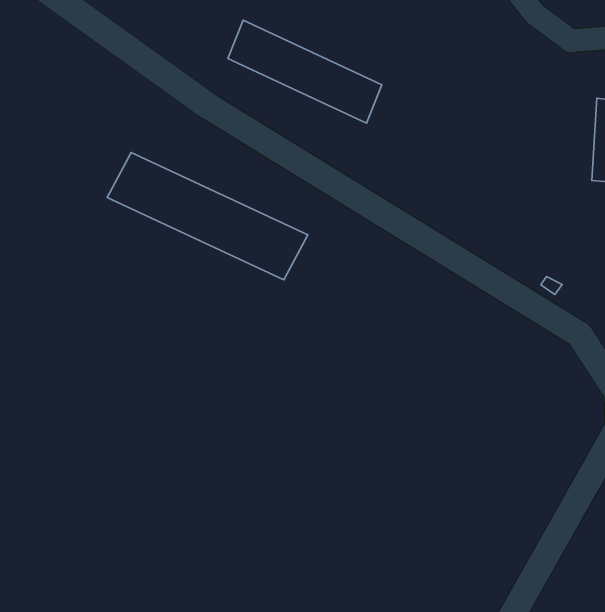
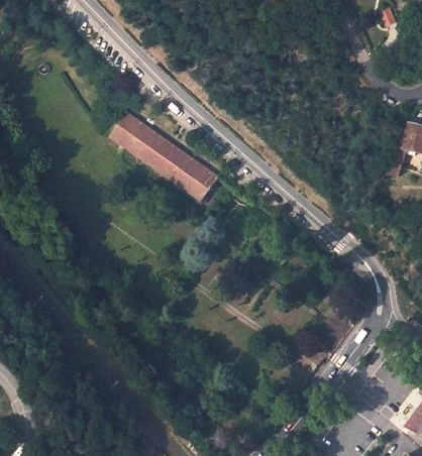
building: [228,20,382,123] -> none

